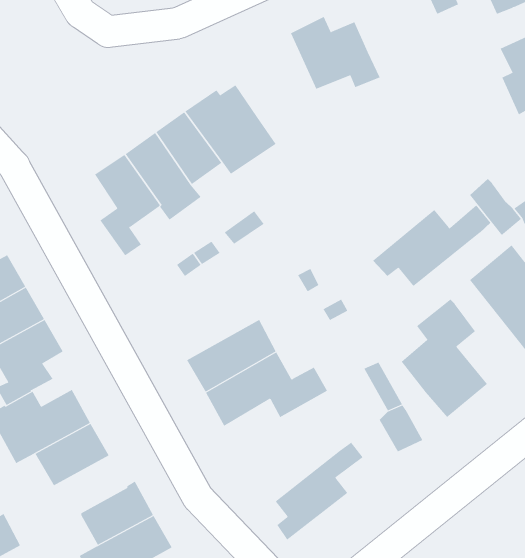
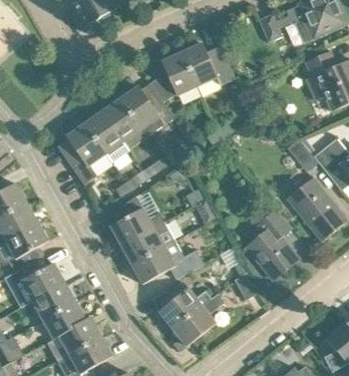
building: none -> [149,52,197,101]
building: [372,205,491,287] -> none
building: none -> [108,196,163,245]
building: none -> [153,281,211,328]
building: none -> [42,301,85,339]

